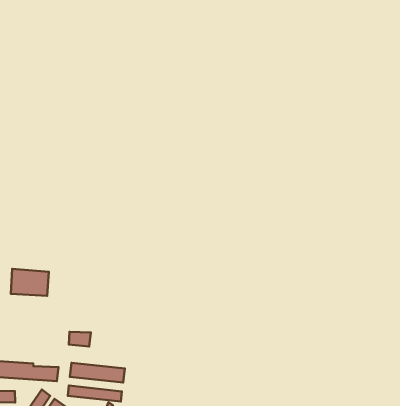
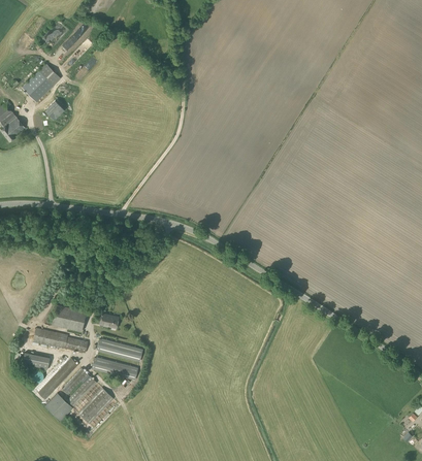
building: [11,269,49,296] -> [52,303,86,330]

